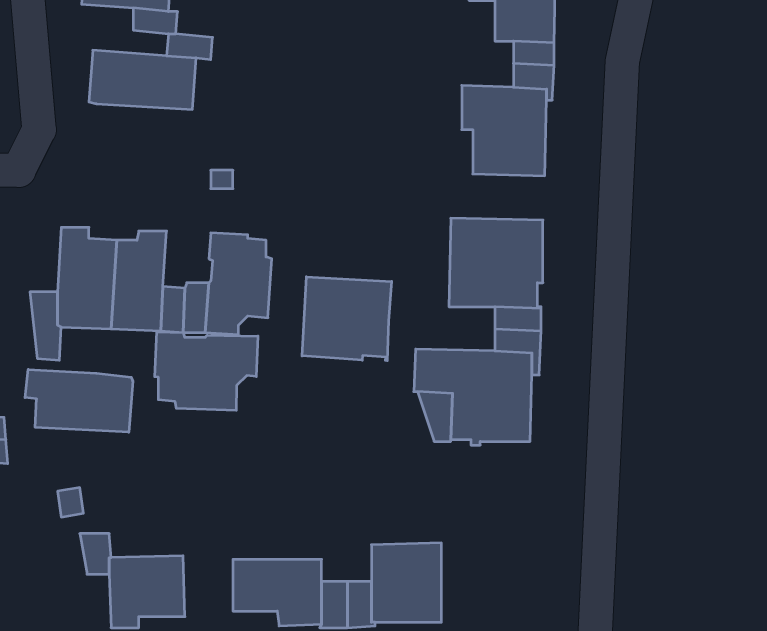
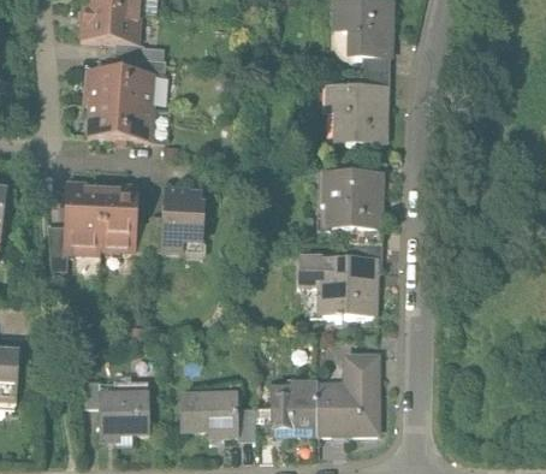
building: none -> [88,105,153,142]
building: [302,277,392,361] -> none
building: [155,332,258,410] -> none
building: [25,369,133,432] -> none
building: none -> [315,365,378,443]

